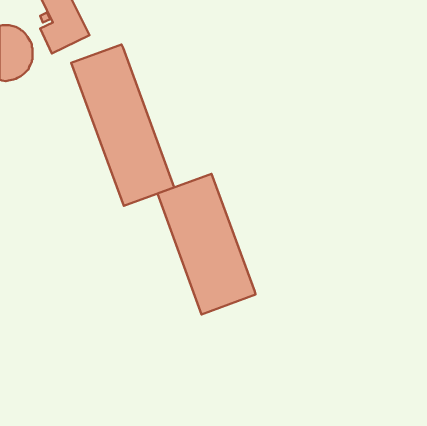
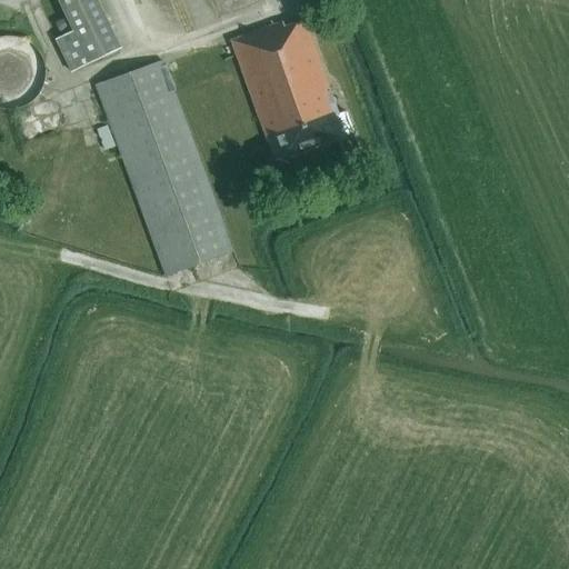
building: none -> [230,18,352,159]
building: [158,174,255,314] -> none

